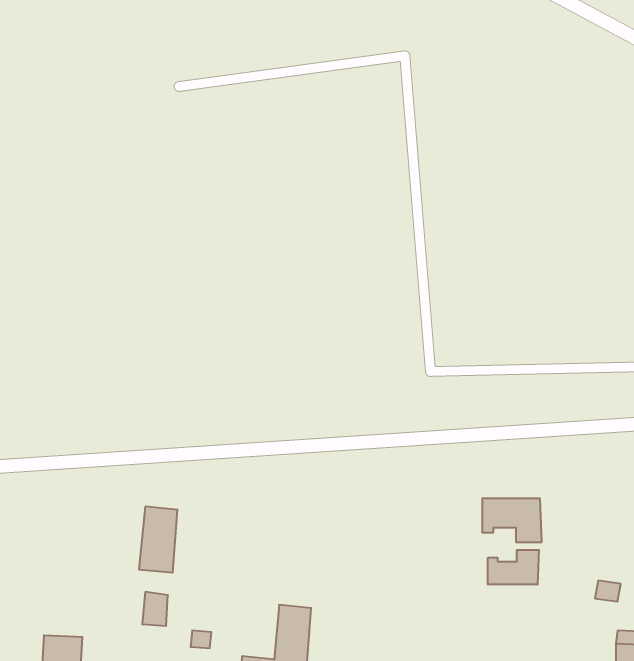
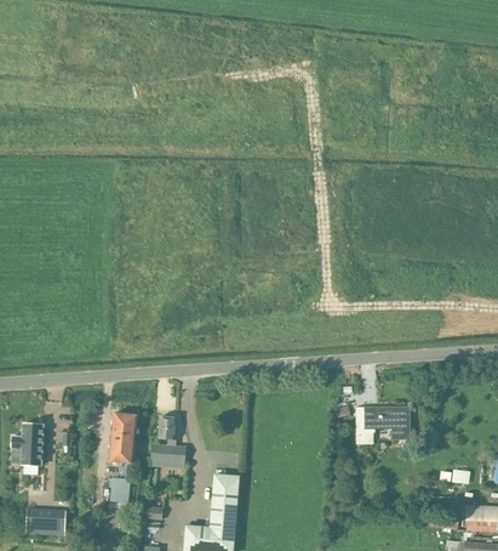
building: none -> [150,415,185,461]
building: none -> [12,422,44,464]
building: [488,550,539,585] -> none

